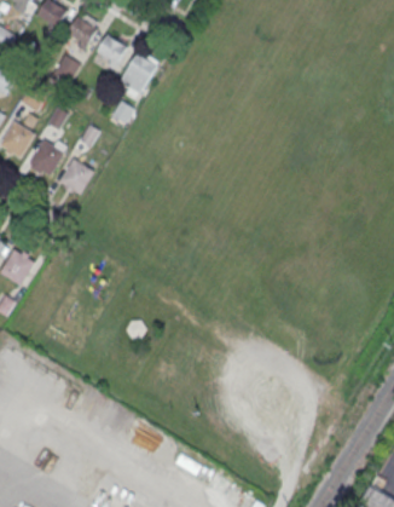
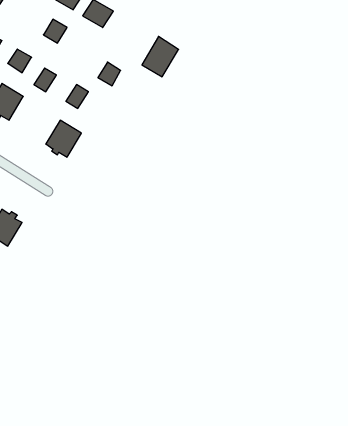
building: [118,53,156,94] -> [142,36,179,77]
building: [29,140,64,177] -> none

